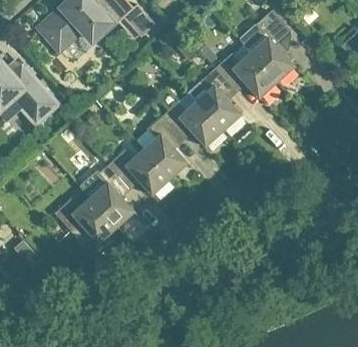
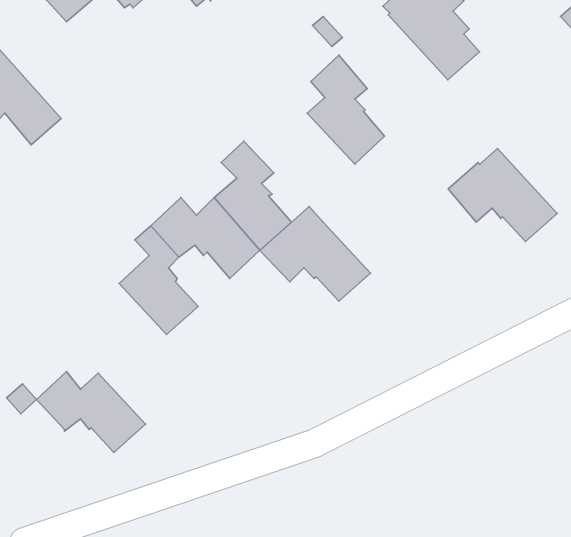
building: [214,45,276,98] -> [448,148,557,241]
building: [159,92,223,146] -> [260,206,371,301]
building: [53,198,115,244] -> [36,372,146,452]

